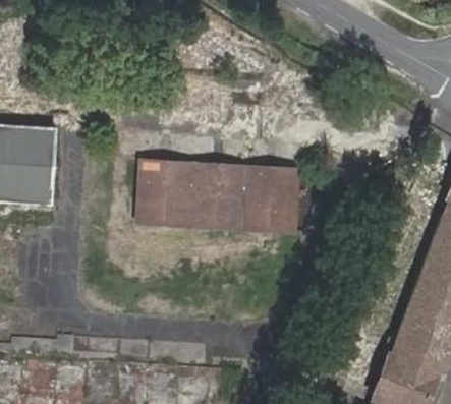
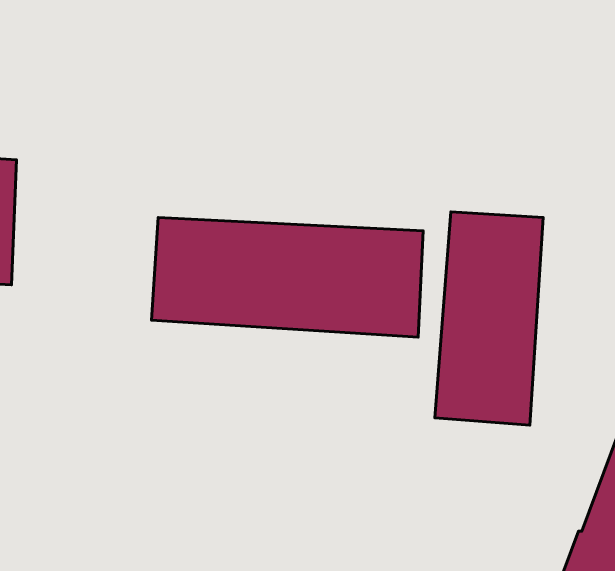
building: none -> [435,212,543,425]

